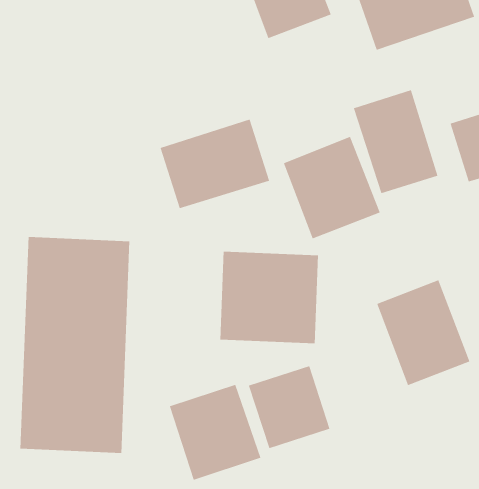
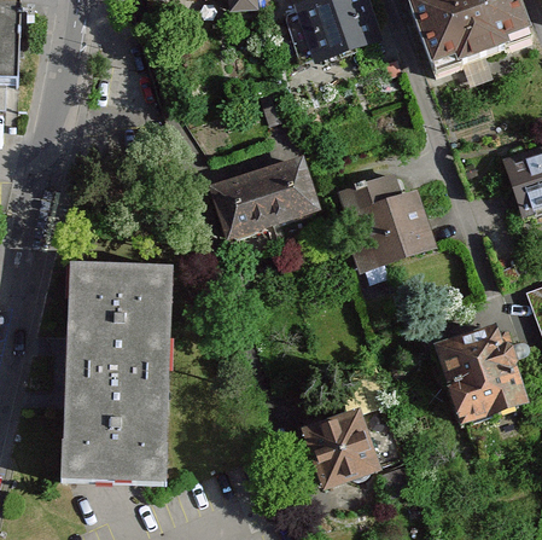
building: [353,89,438,194] -> none
building: [220,251,319,344] -> none
building: [169,384,261,481] -> none

